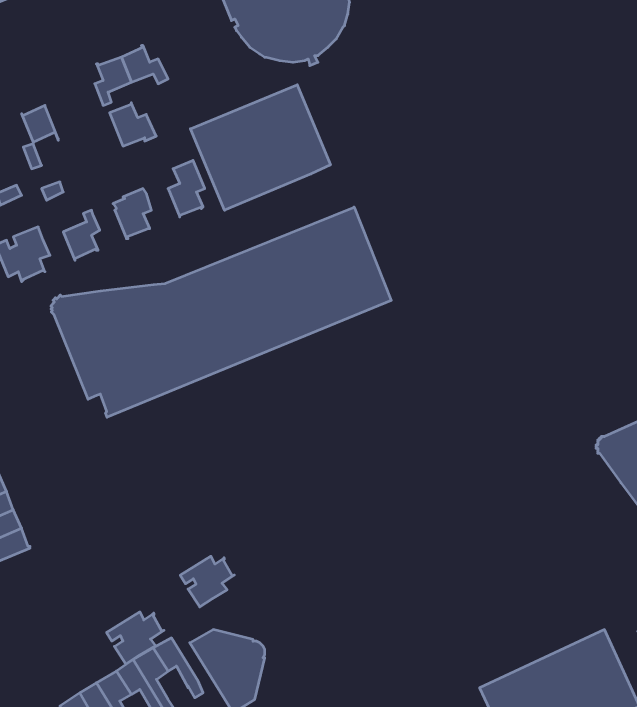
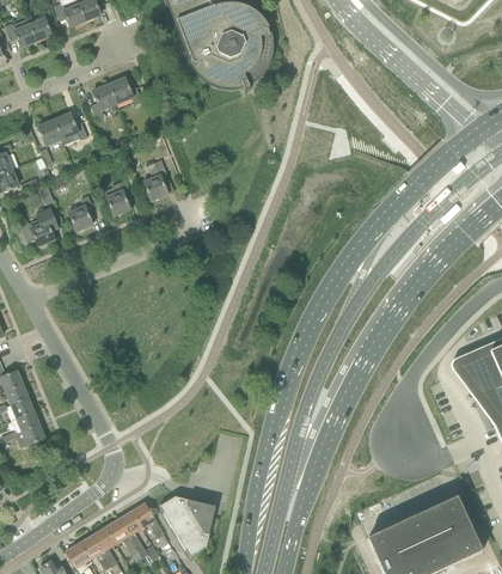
building: [190,85,330,210] -> none
building: [110,103,156,146] -> [55,111,88,142]
building: [51,207,391,417] -> none
building: [180,556,234,607] -> none
building: [107,612,164,664] -> none

